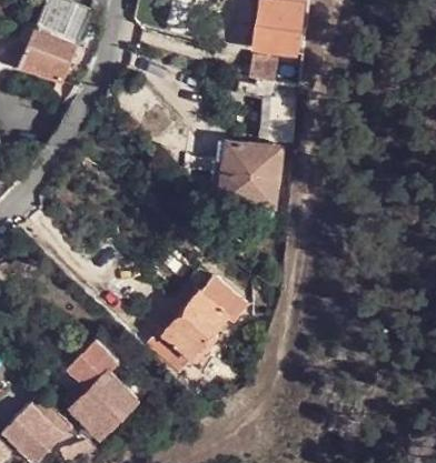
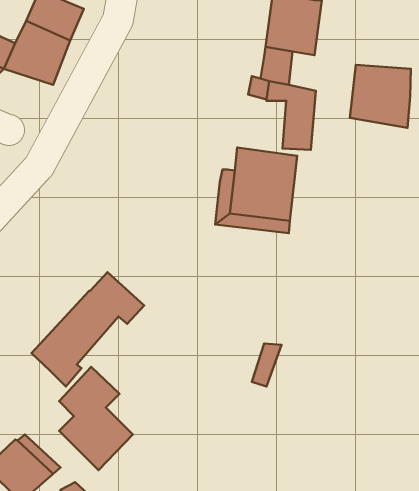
building: none -> [350,65,411,128]
building: [147,278,249,381] -> [31,272,144,386]

